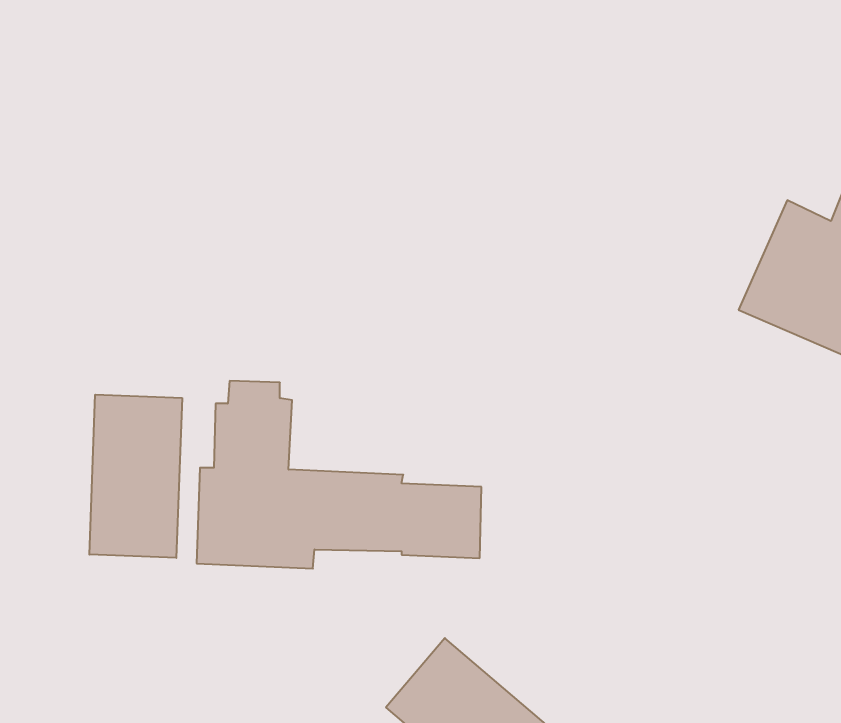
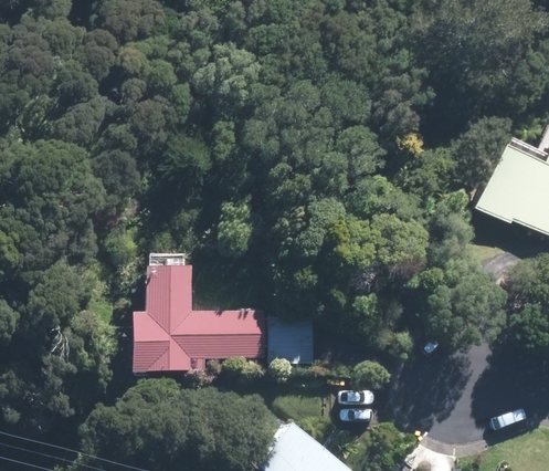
building: [89,395,182,558] -> none

